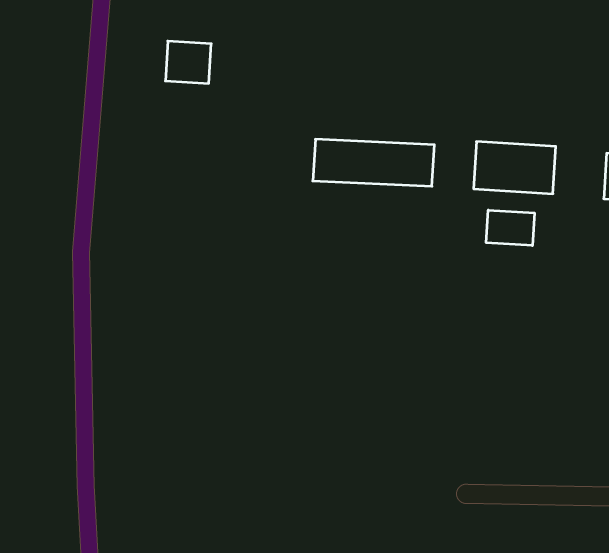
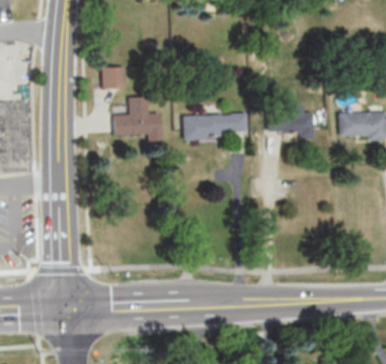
building: none -> [114,96,164,137]
building: [486,210,534,246] -> none

